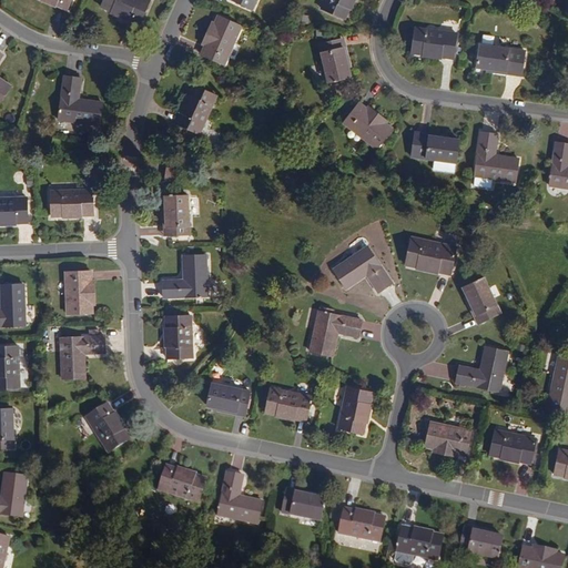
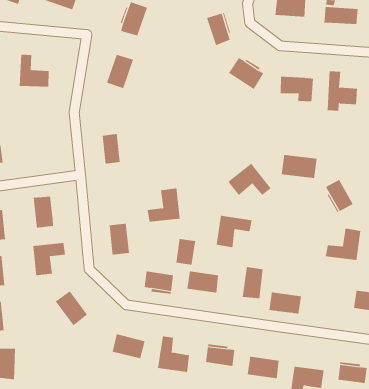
building: [51,189,93,215] -> none
building: [162,253,206,296] -> [147,188,180,222]
building: none -> [176,238,196,265]
building: [424,420,470,454] -> [269,292,302,314]

